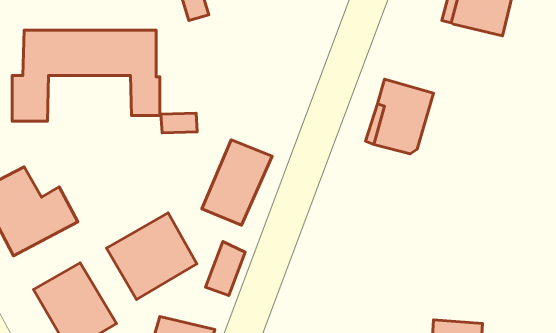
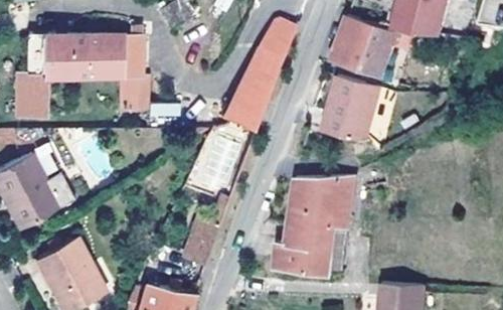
building: none -> [221,16,296,134]
building: none -> [332,16,414,82]
building: none -> [274,178,353,278]
building: [107,213,197,299] -> none

